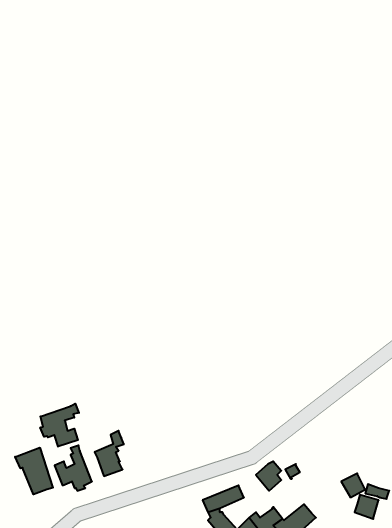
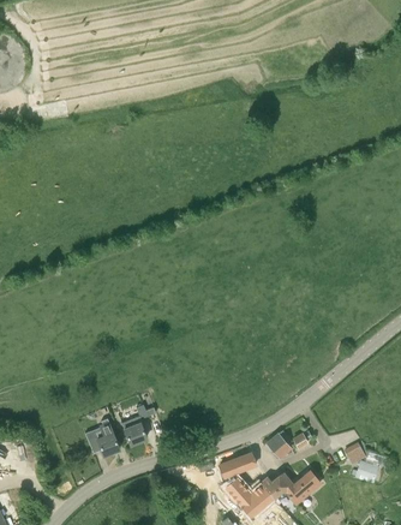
building: [40,404,79,447] -> none
building: [15,448,53,494] -> none

